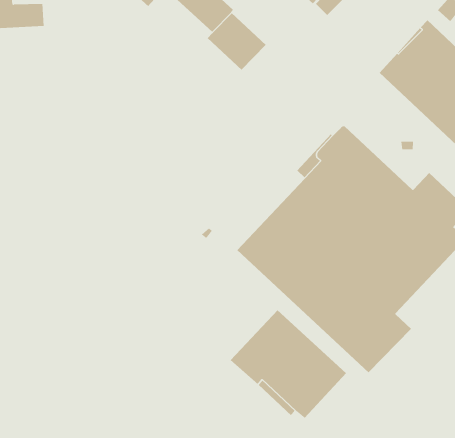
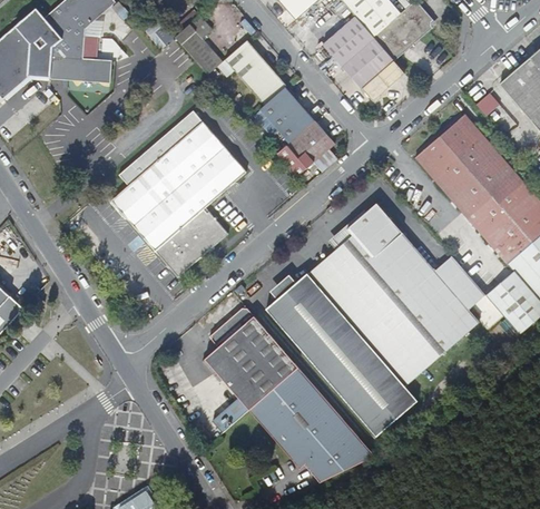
building: none -> [276,120,334,177]
building: none -> [110,110,246,277]
building: none -> [204,305,297,410]
building: none -> [312,433,374,481]

